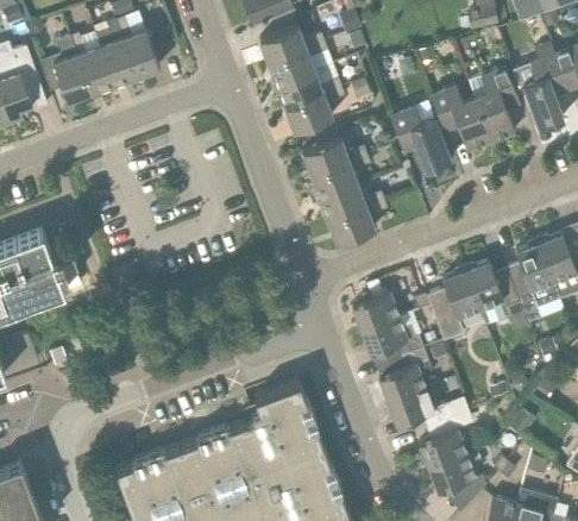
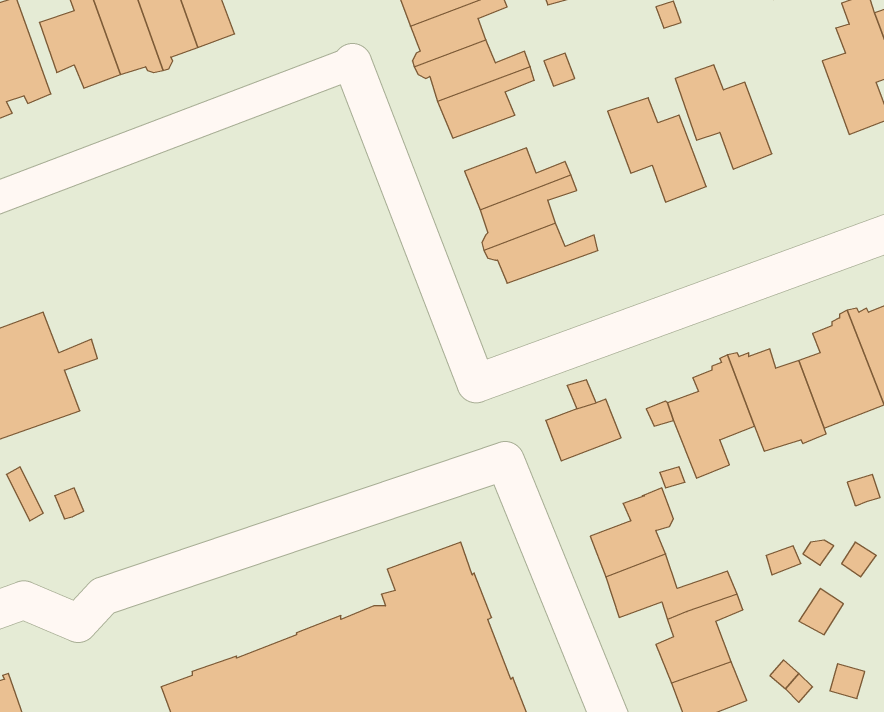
building: [467,67,519,140] -> none
building: [327,200,387,244] -> none
building: [360,315,411,356] -> none

